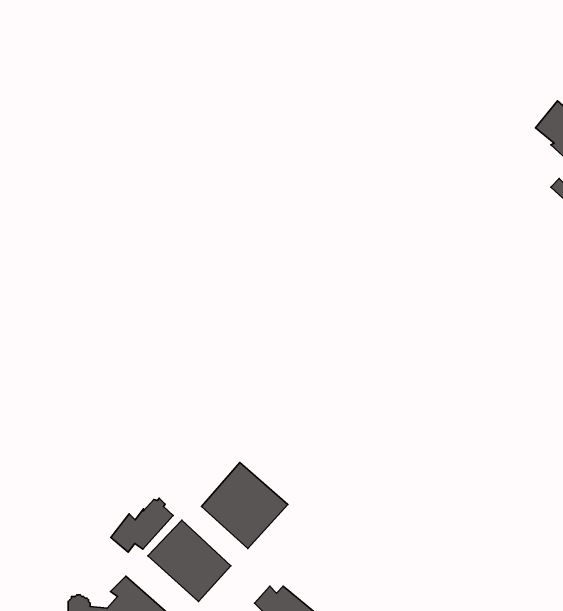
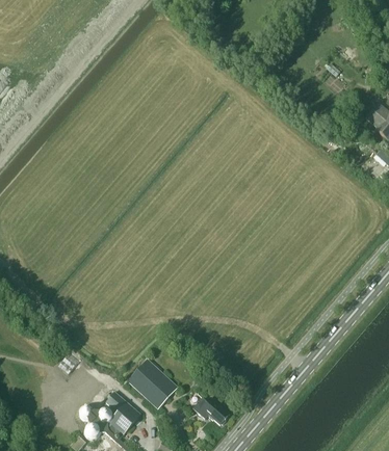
building: [202,463,288,548] -> none
building: [111,498,173,552] -> none

